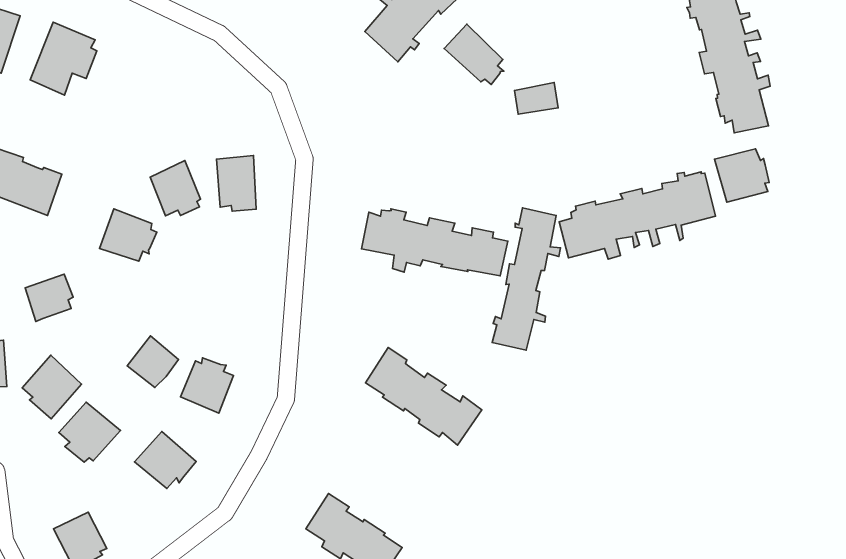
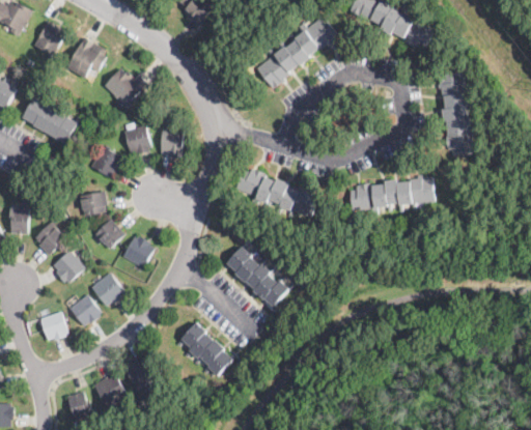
building: [444,24,504,85] -> none
building: none -> [104,67,148,106]
building: [714,149,769,202] -> none
building: [492,208,560,350] -> none
building: [25,274,73,322] -> [81,191,107,214]
building: none -> [71,294,101,324]

